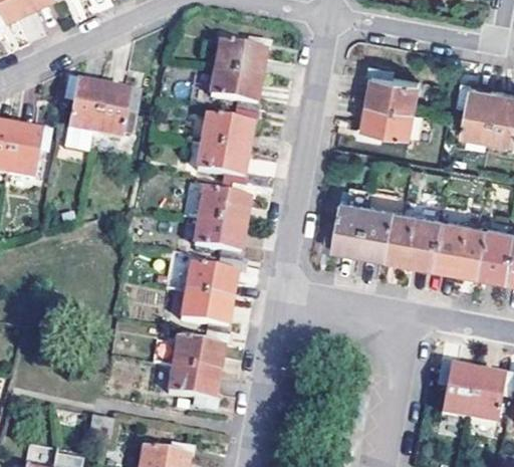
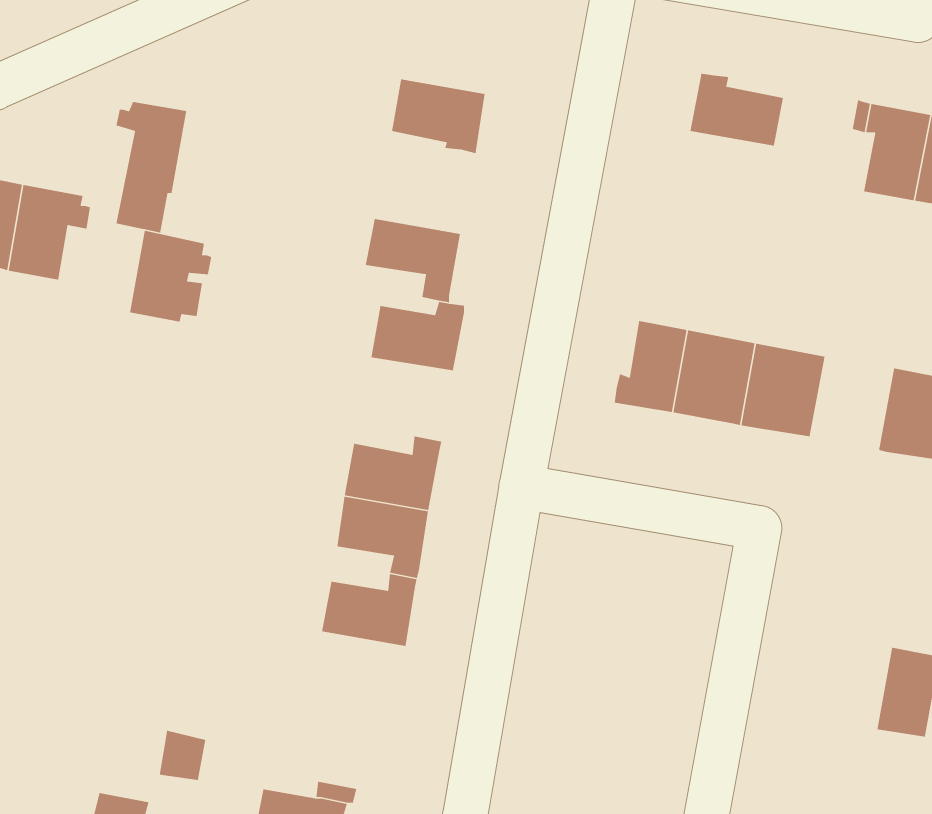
building: [215,45,266,79] -> none
building: [93,88,138,138] -> [129,230,212,322]
building: [363,99,414,134] -> none
building: [201,113,254,154] -> none
building: [433,219,477,269] -> none
building: [194,220,243,264] -> none
building: [168,366,218,411] -> none
building: [440,369,476,418] -> none

